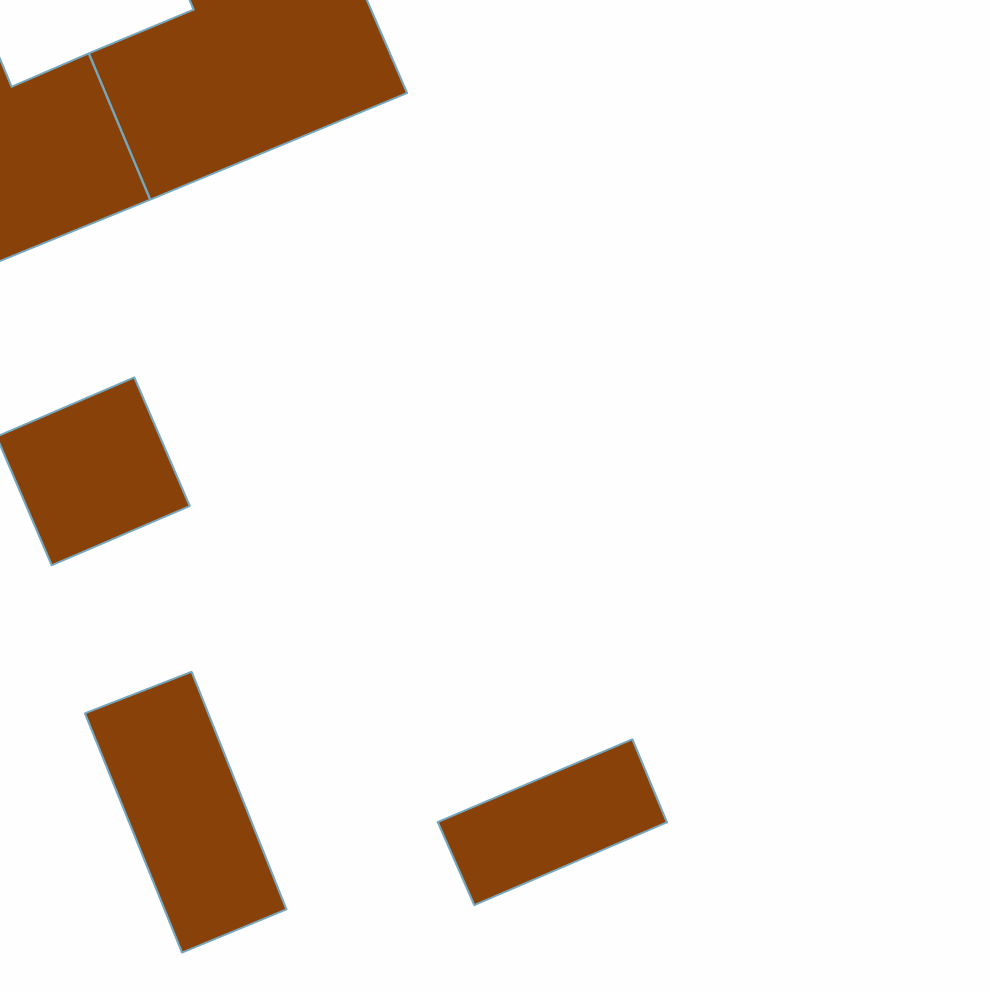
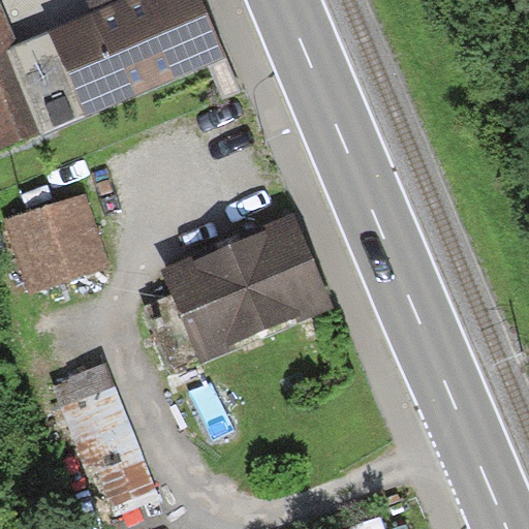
building: none -> [169,216,335,363]
building: [438,739,667,905] -> none

